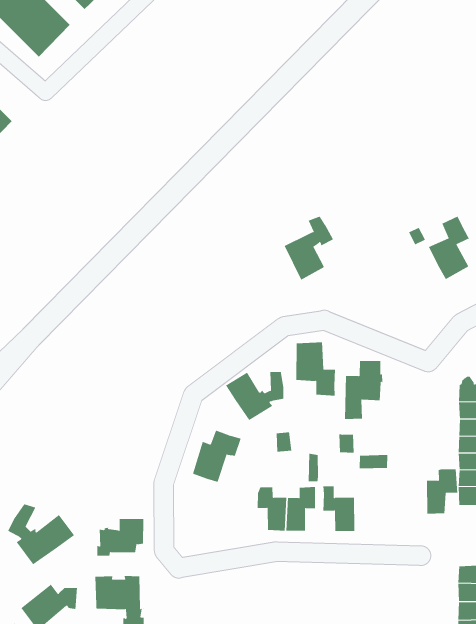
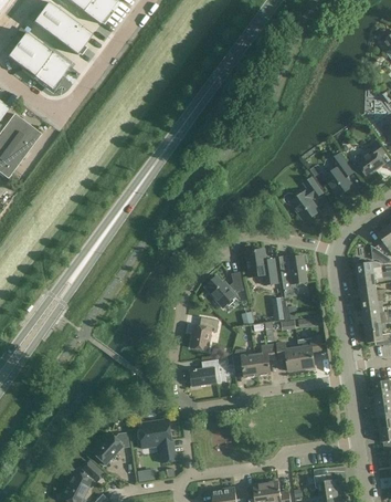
building: [284,216,334,281] -> [290,178,323,222]
building: [426,469,458,514] -> [299,337,321,369]
building: [8,503,75,565] -> none
building: [96,518,144,556] -> [190,359,221,388]

